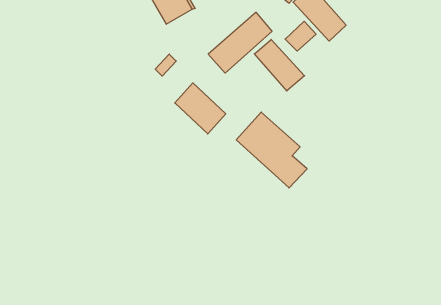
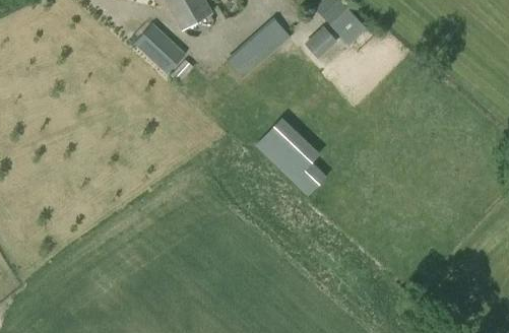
building: [254,39,305,91] -> none
building: [175,83,226,134] -> [134,23,186,75]

